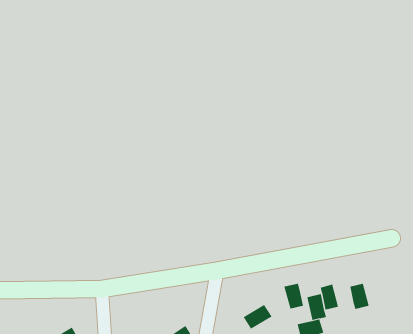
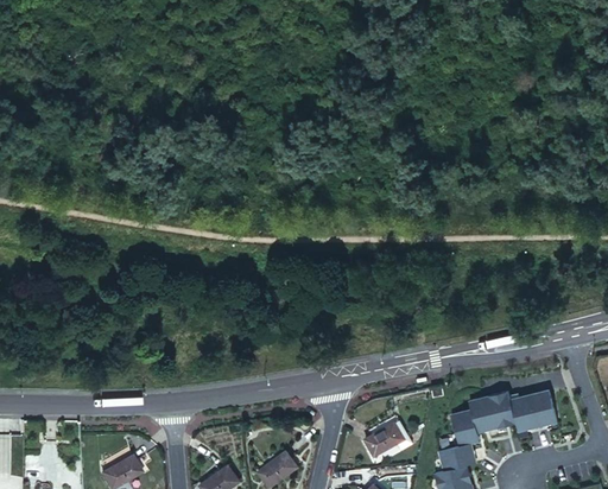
building: none -> [528,389,556,426]
building: [284,283,304,309] -> [487,392,514,427]

